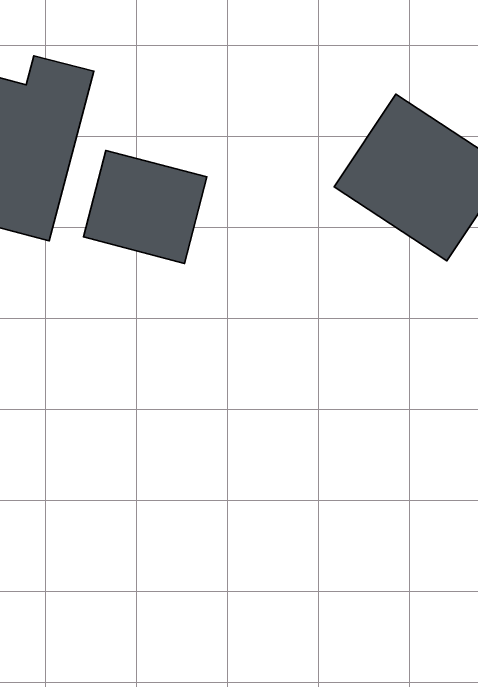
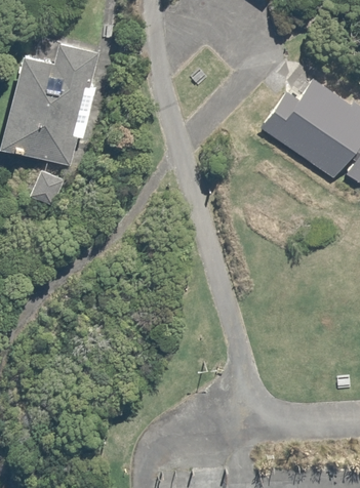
building: [84,150,207,263] -> none

